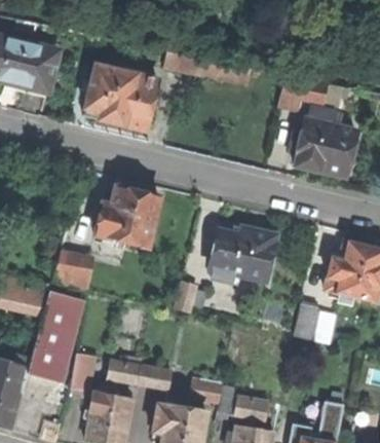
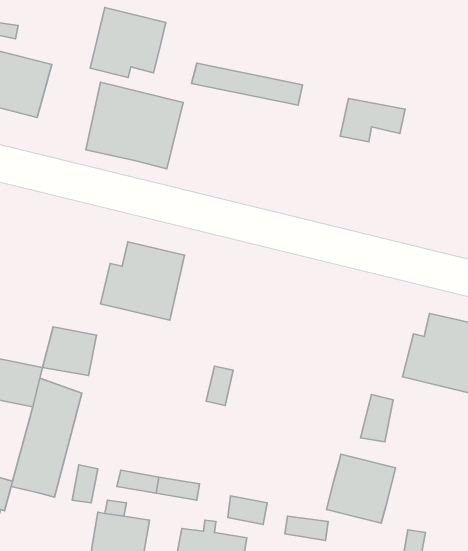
building: none -> [90,7,166,78]
building: [290,107,354,176] -> none
building: [210,227,275,280] -> none
building: none -> [326,454,395,523]

